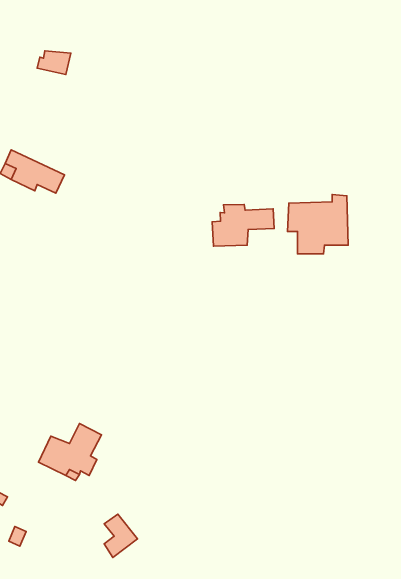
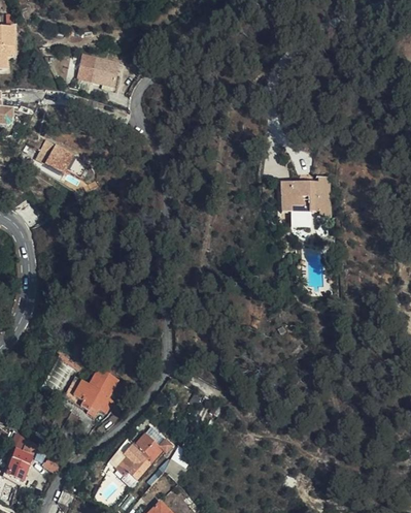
building: none -> [92,56,118,84]
building: [212,205,274,246] -> none
building: none -> [135,435,166,463]

